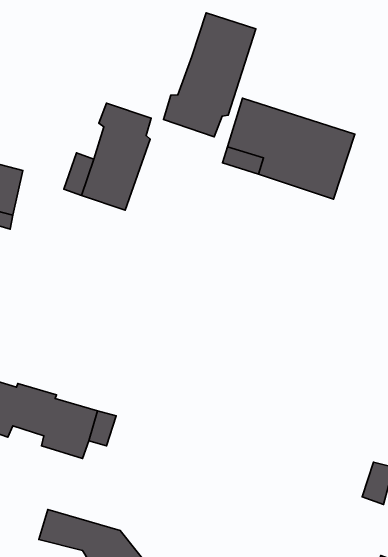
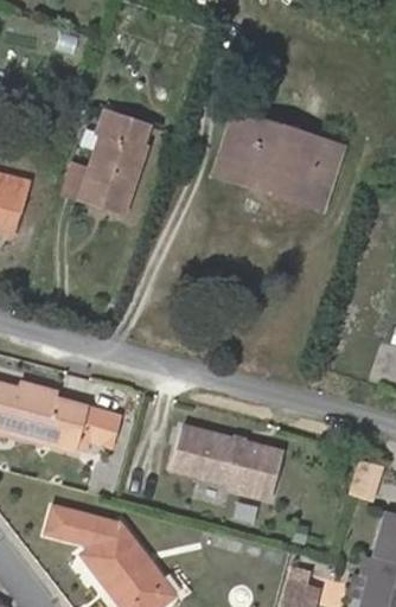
building: [163,13,256,137] -> none
building: none -> [174,427,285,498]

